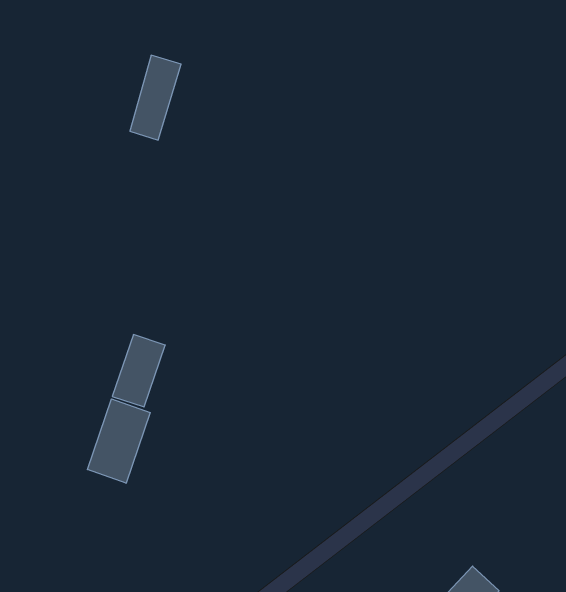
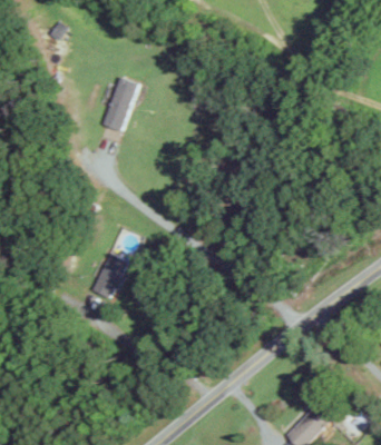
building: [87,399,150,483] -> none

